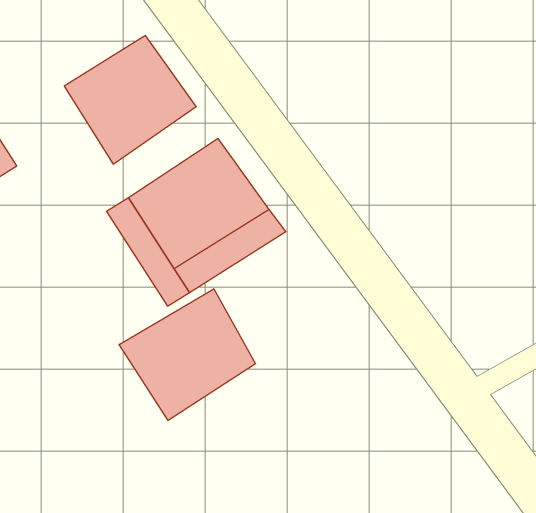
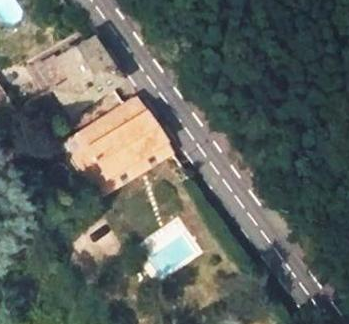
building: [119,289,256,420] -> none

